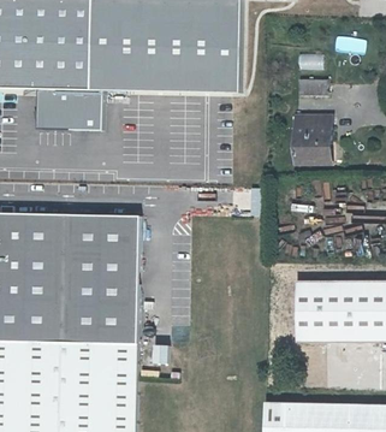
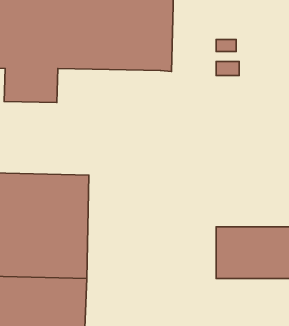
building: [292,113,331,165] -> none

